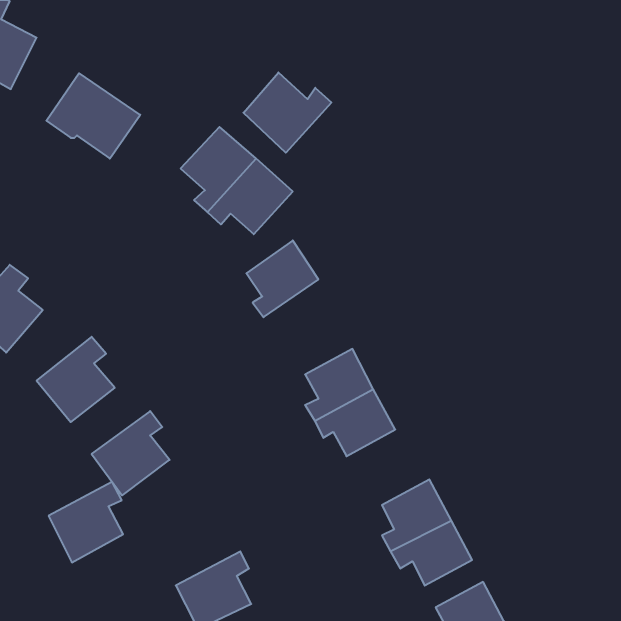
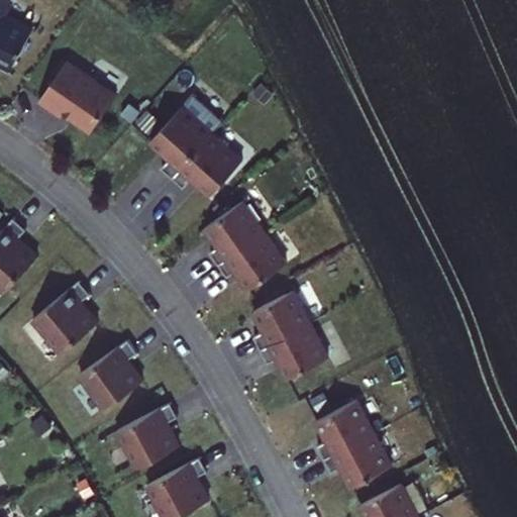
building: [243,72,331,153] -> none
building: none -> [218,233,286,291]
building: [49,482,123,562] -> [116,403,178,470]

